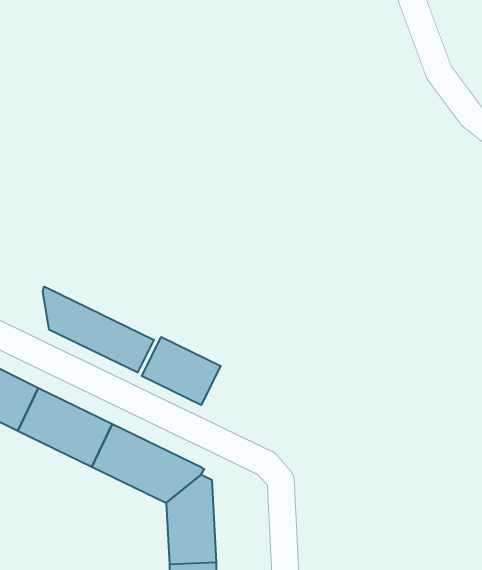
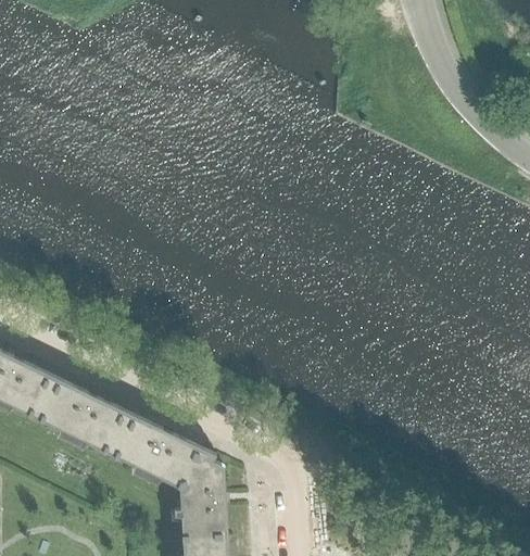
building: [43,287,154,373] -> none
building: [142,337,221,405] -> none

